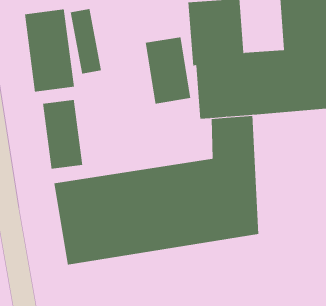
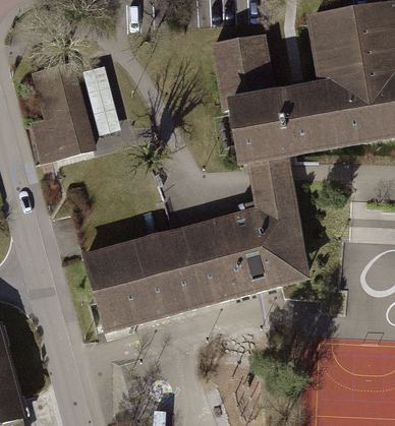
building: [145,37,191,104] -> none
building: [42,99,83,169] -> none

